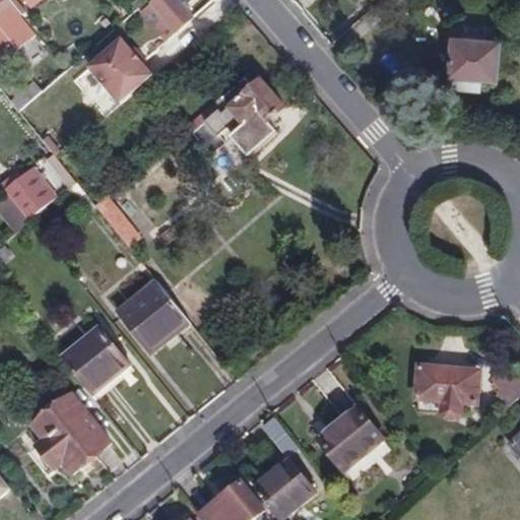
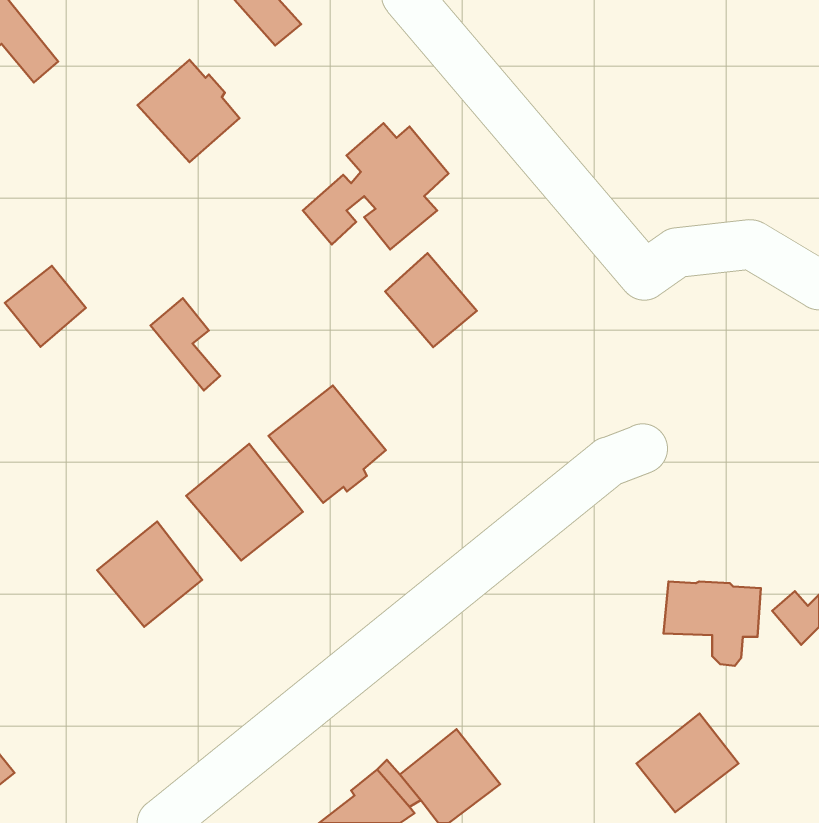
building: [444,38,499,88] -> none
building: none -> [385,253,477,347]
building: none -> [268,386,386,503]
building: [31,390,110,470] -> none
building: [315,404,379,466] -> [636,713,738,812]

